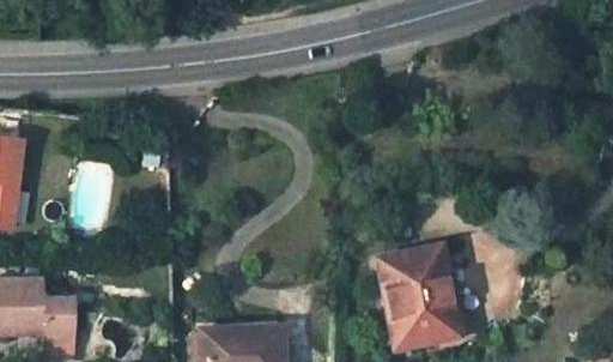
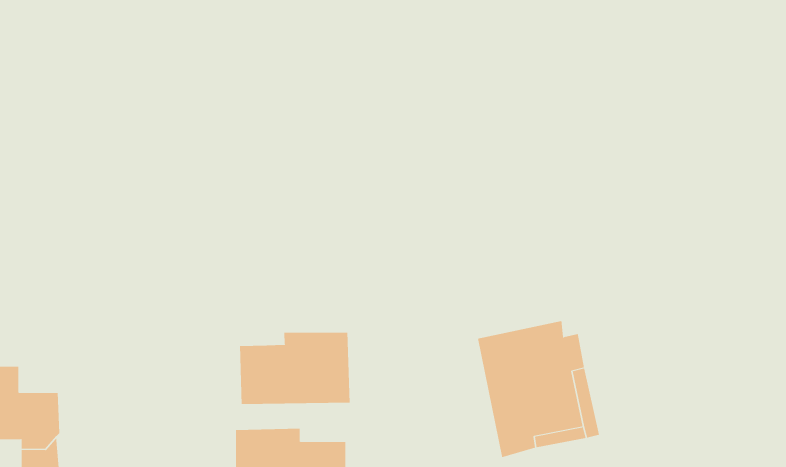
building: none -> [239,332,350,405]

